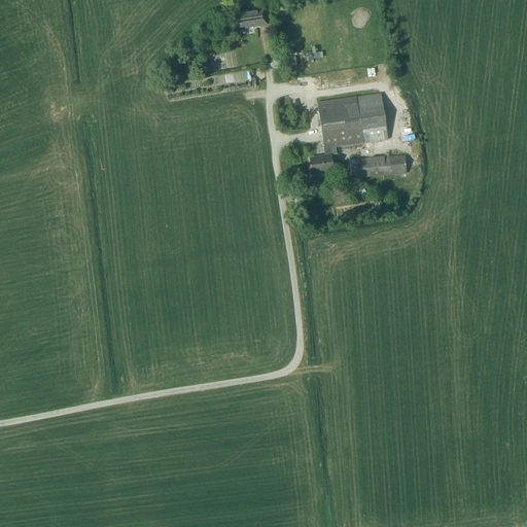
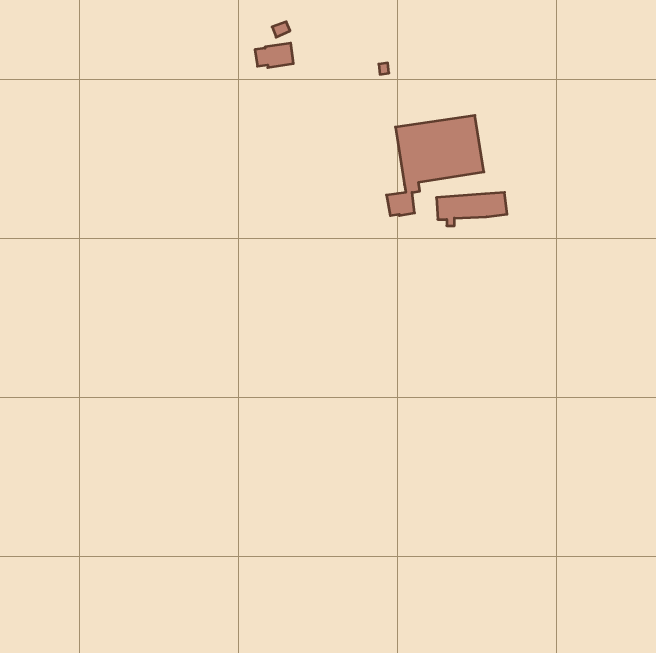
building: [235,7,266,27] -> [255,43,293,68]

